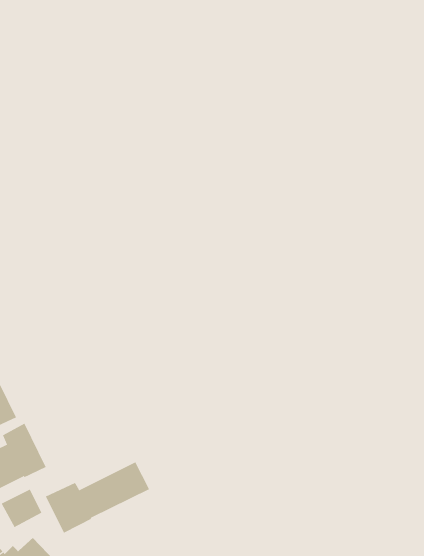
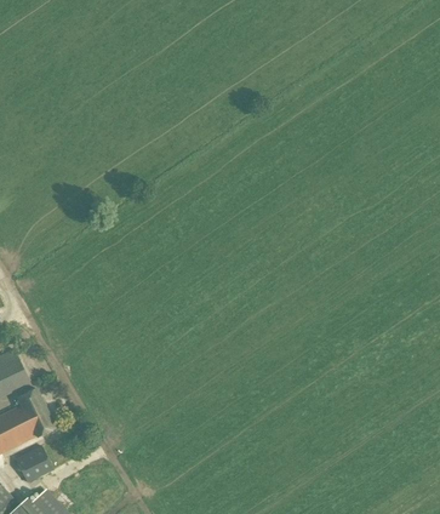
building: [45,461,150,533] -> none

